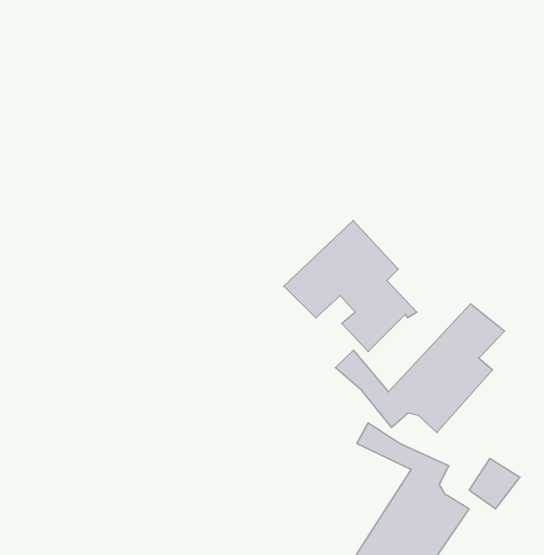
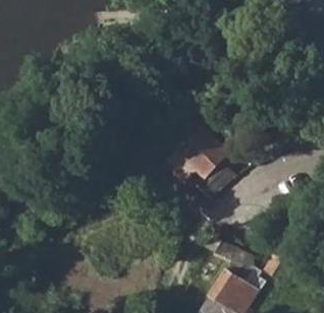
building: [336,304,504,433] -> none

